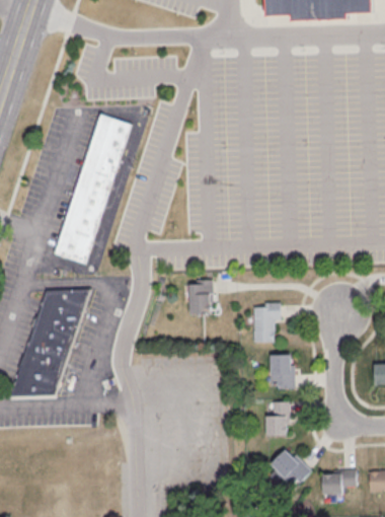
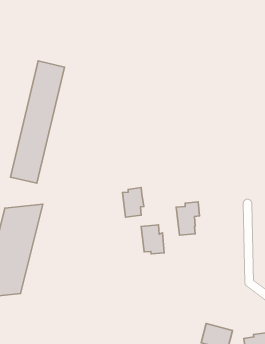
building: [270,355,295,389] -> [141,225,164,254]
building: [265,401,289,437] -> none

